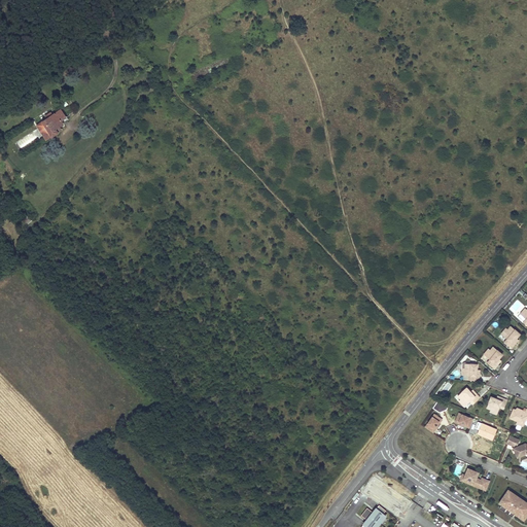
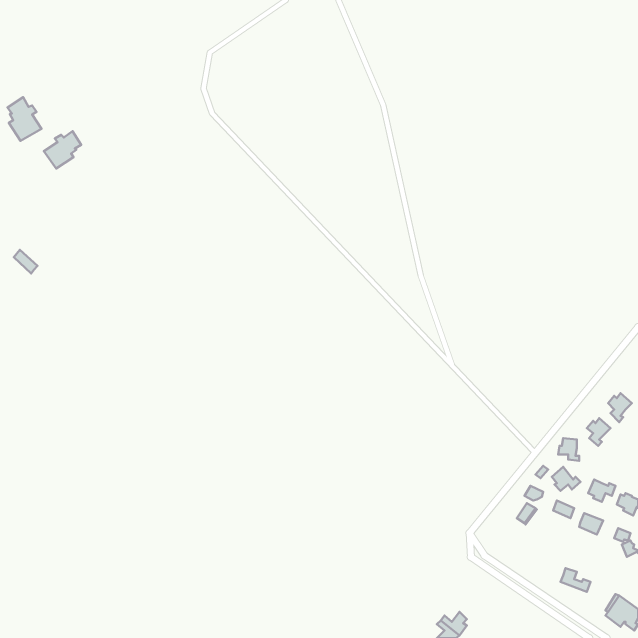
building: none -> [7,97,42,141]

